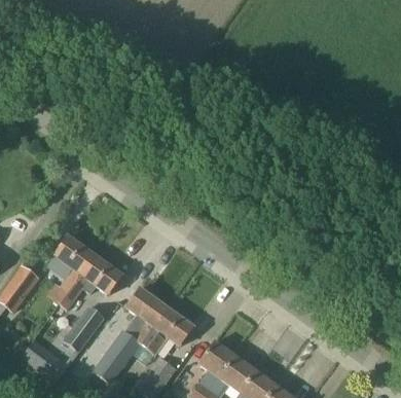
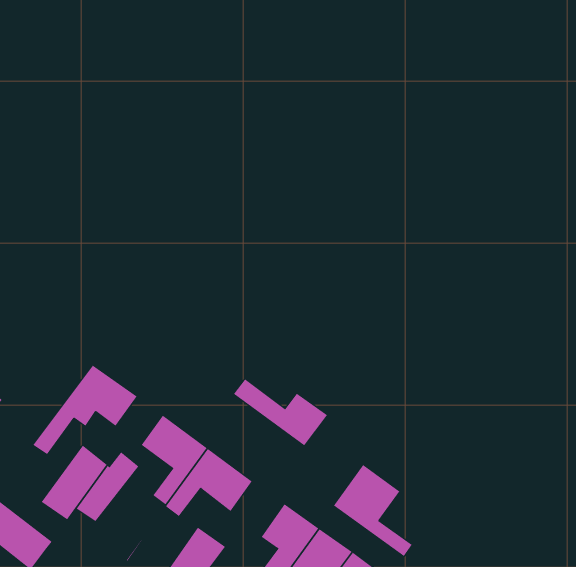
building: [45,234,95,304] -> none
building: none -> [233,378,328,446]
building: none -> [333,464,413,557]
building: [101,331,140,375] -> none

